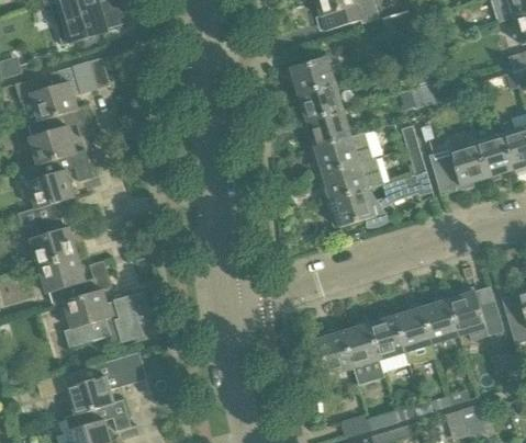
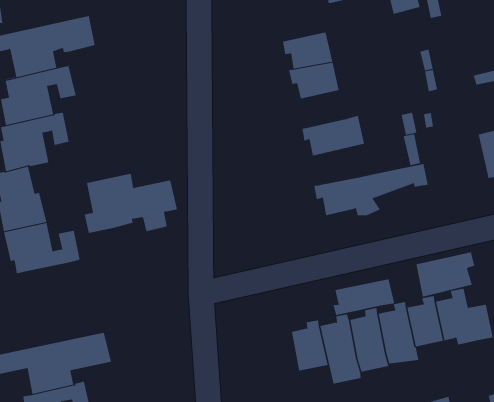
building: [302,110,350,147] -> none
building: [429,141,486,196] -> none
building: [317,158,381,200] -> none
building: none -> [416,252,475,298]
building: none -> [333,279,395,316]
building: [64,288,152,348] -> [84,173,178,233]

